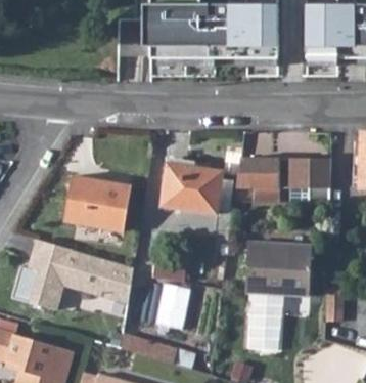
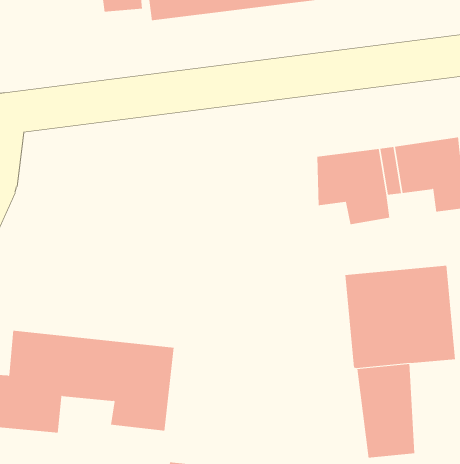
building: [158,164,221,215] -> none
building: [63,177,129,230] -> none
building: [157,284,191,329] -> none

